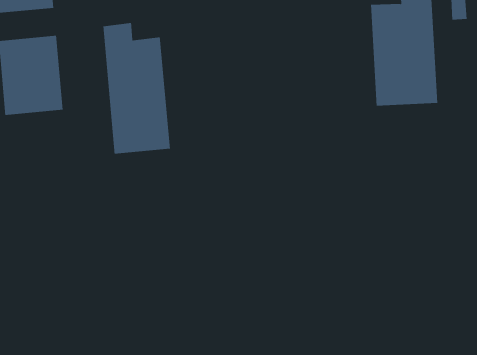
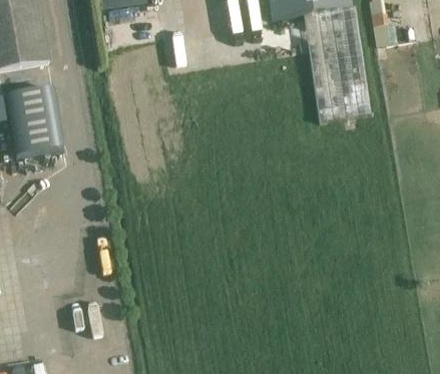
building: [103,22,170,155] -> none

